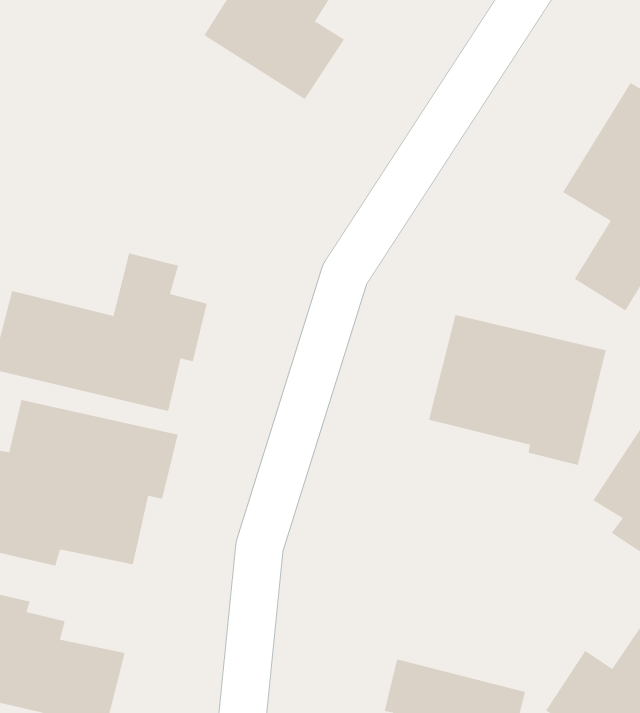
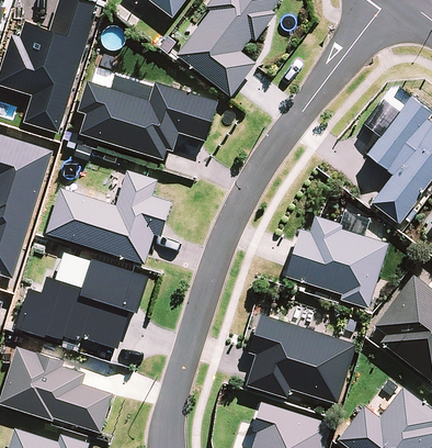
building: none -> [80,82,218,161]
building: none -> [246,315,355,405]

